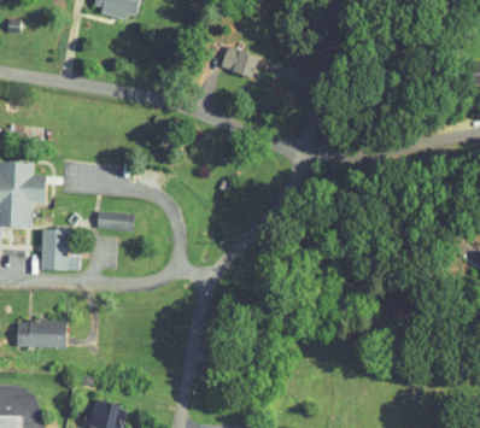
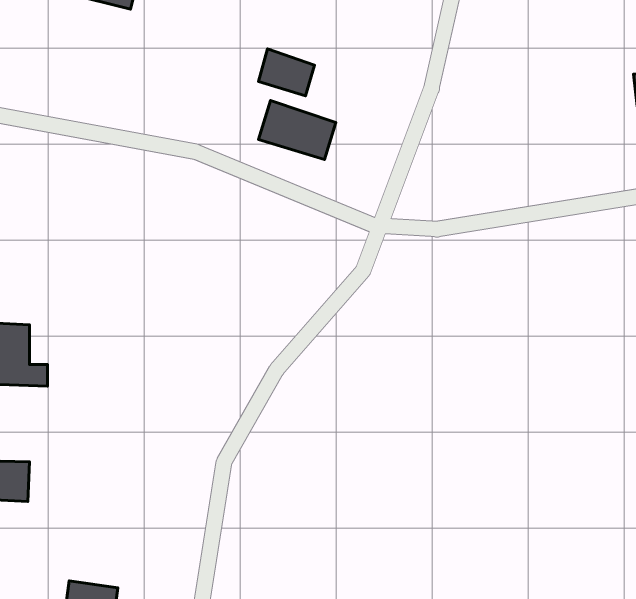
building: none -> [258,101,336,159]
building: [96,212,134,231] -> none

